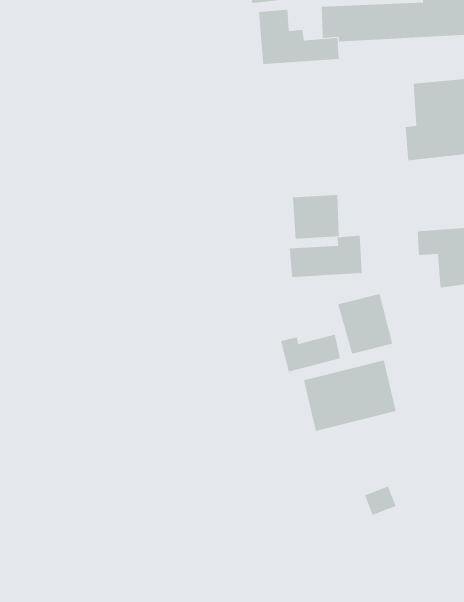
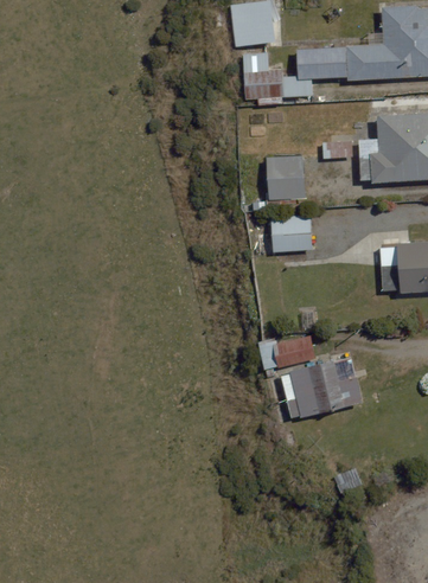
building: none -> [268,156,305,200]
building: [289,235,362,278] -> none
building: [338,293,393,355] -> none

